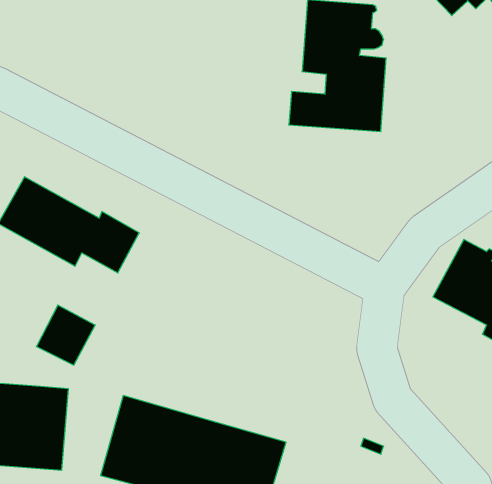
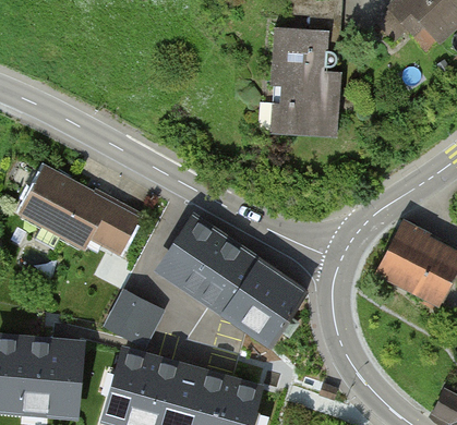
building: none -> [161,218,306,344]
building: [36,305,95,365] -> [107,292,155,341]

